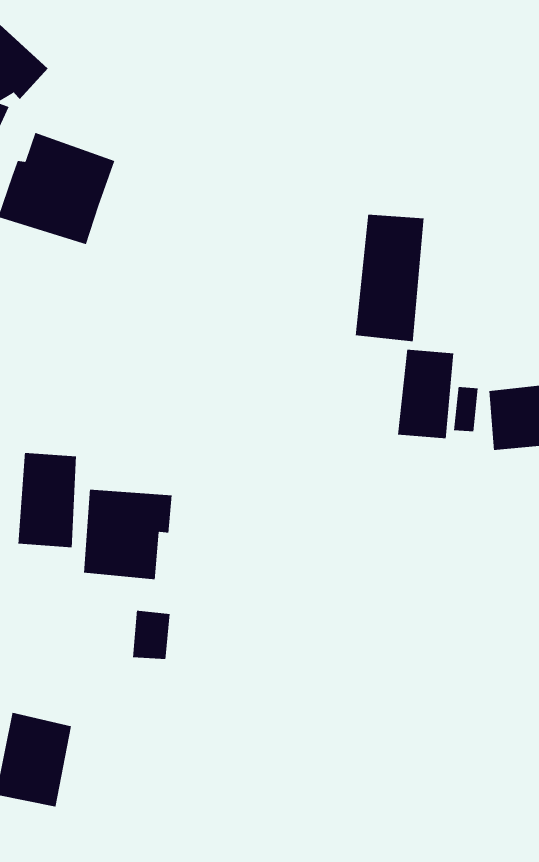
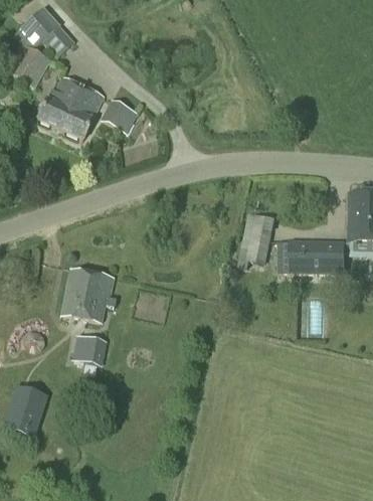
building: none -> [100,97,138,132]
building: [355,214,424,342] -> none
building: [18,452,77,548] -> none

